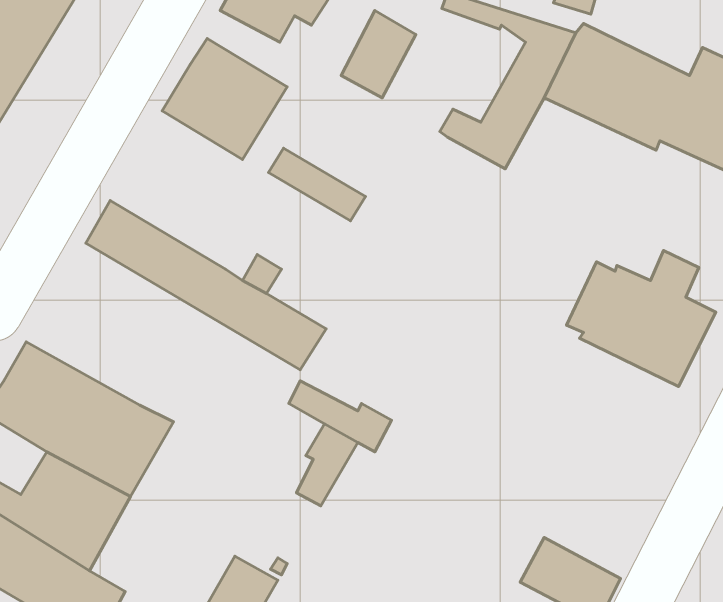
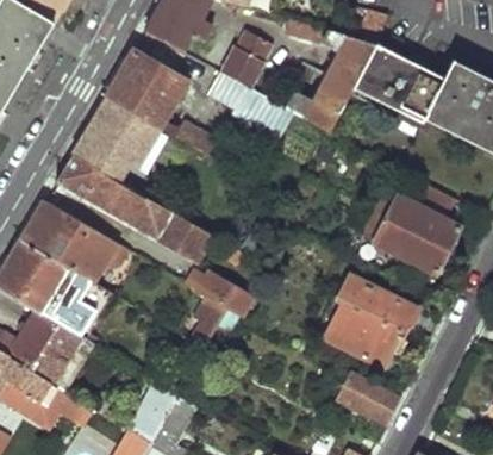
building: none -> [208,75,288,139]
building: none -> [73,98,158,199]
building: none -> [19,204,127,286]
building: none -> [324,275,418,367]

